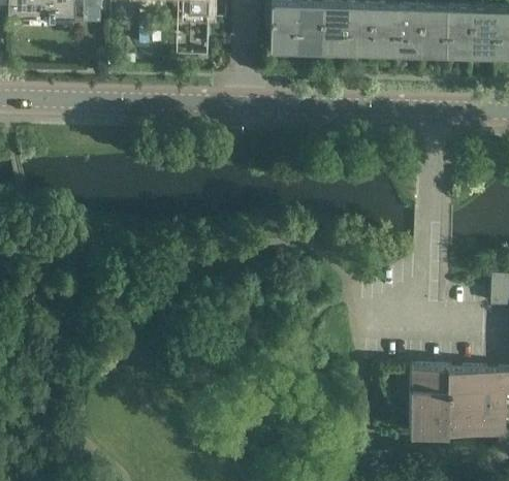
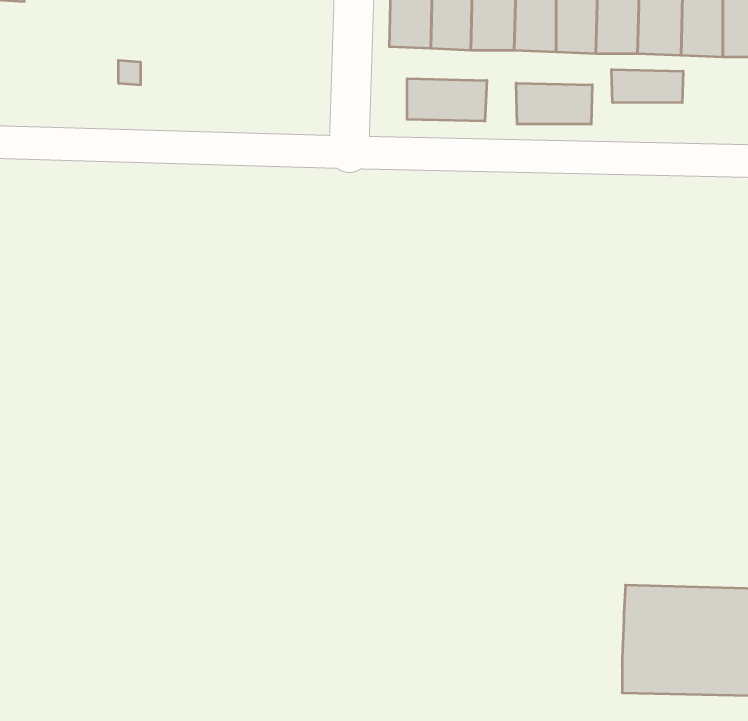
building: none -> [612,69,683,103]
building: none -> [407,79,487,121]
building: none -> [516,83,592,124]

